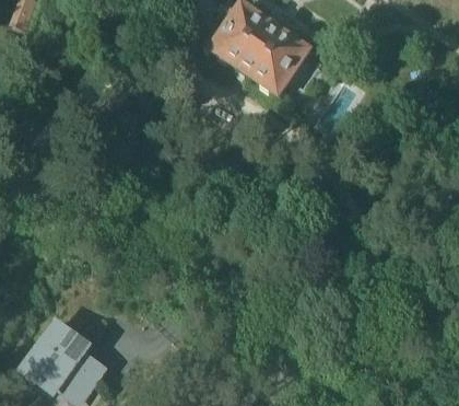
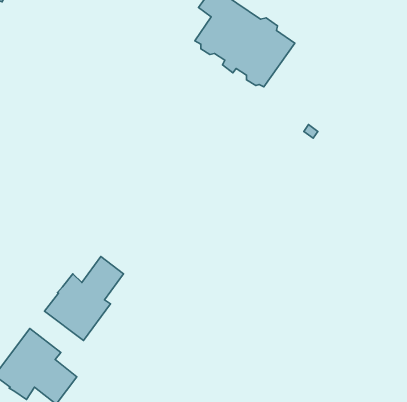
building: none -> [44,256,123,341]

